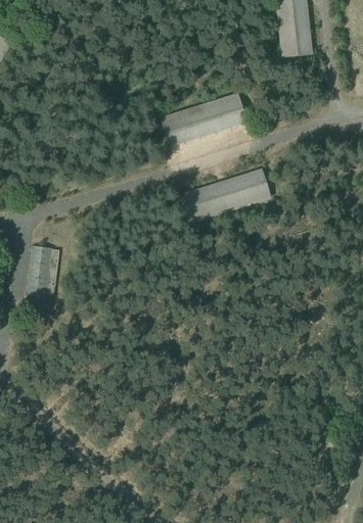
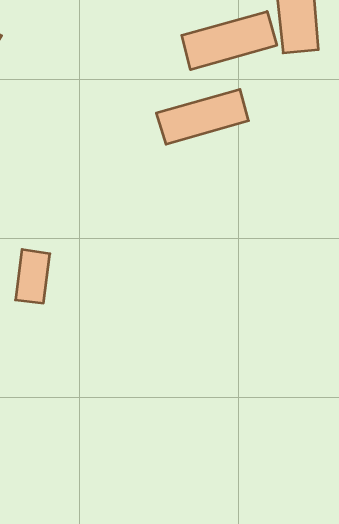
building: none -> [182,11,277,70]
building: [187,169,273,216] -> none

